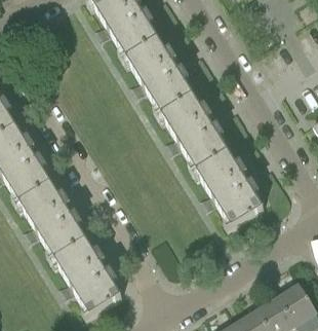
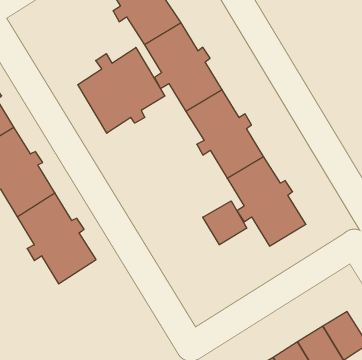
building: none -> [78,47,165,133]
building: none -> [203,201,247,245]
building: [54,240,122,318] -> none

